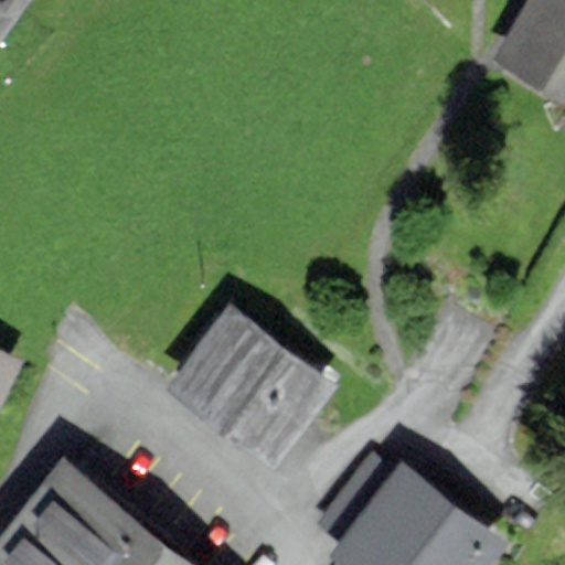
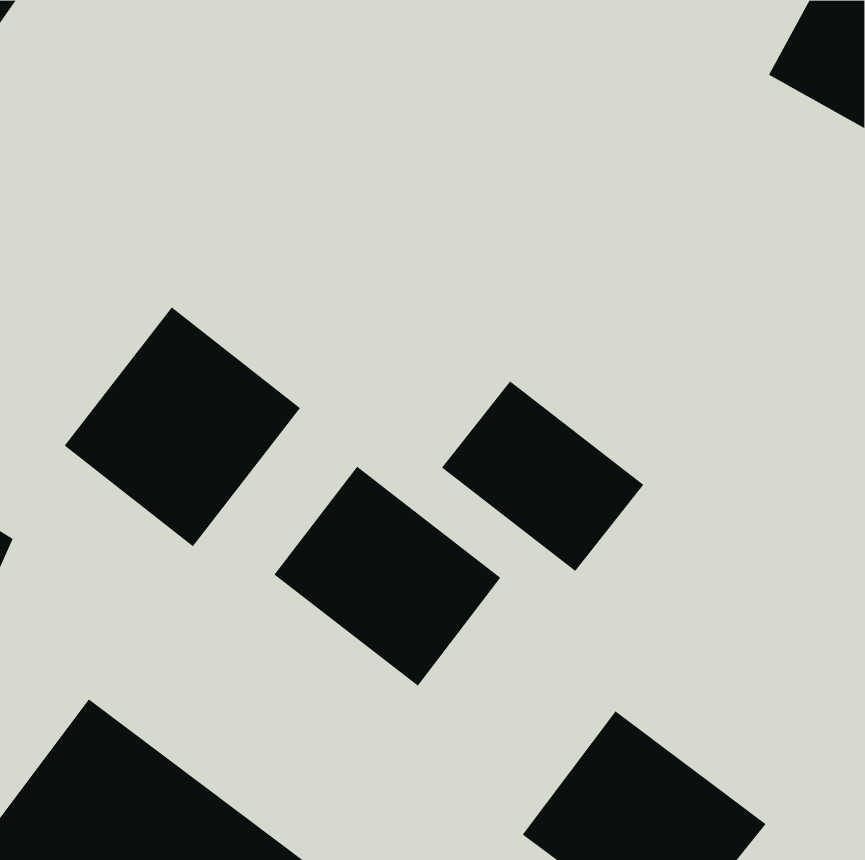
building: none -> [64,307,301,547]
building: none -> [441,381,644,572]

